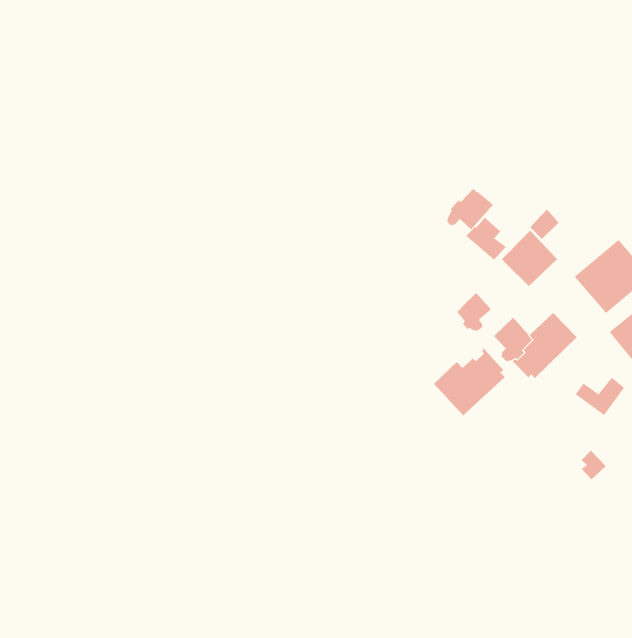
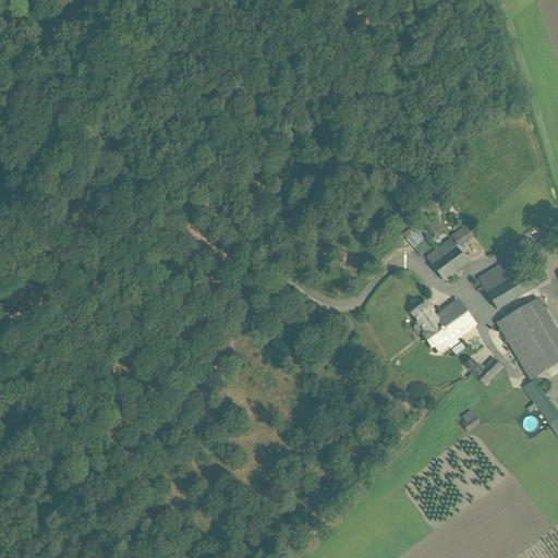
building: [447,188,494,230] -> none
building: [456,292,492,332] -> none
building: [433,347,506,416] -> none

